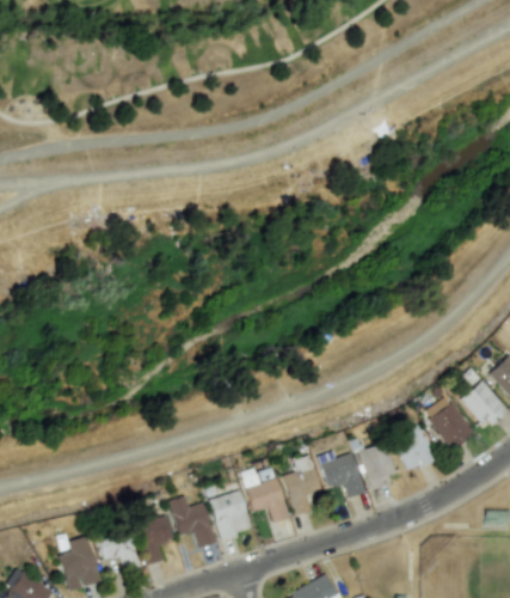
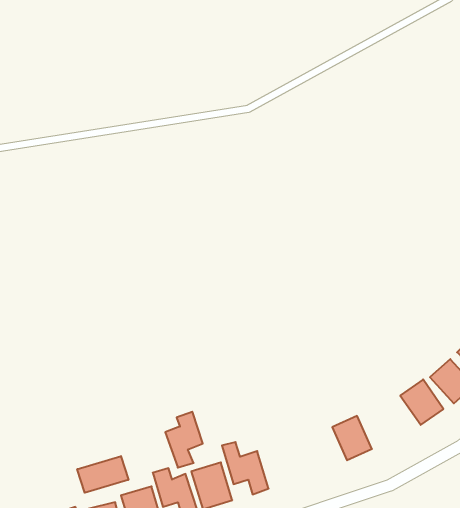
building: [392,425,435,471] -> none
building: [320,452,365,498] -> none
building: [282,454,321,513] -> [165,412,203,468]
building: none -> [77,456,128,493]

